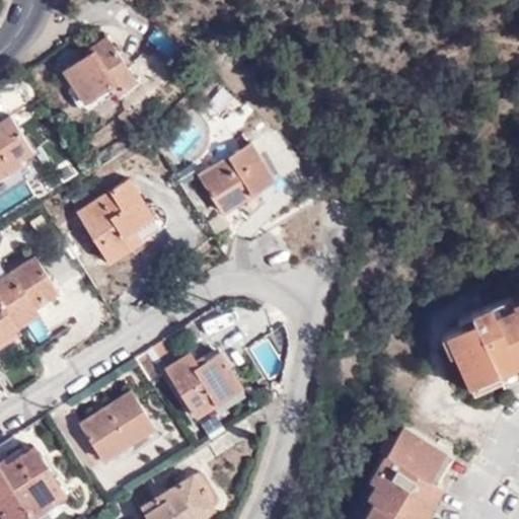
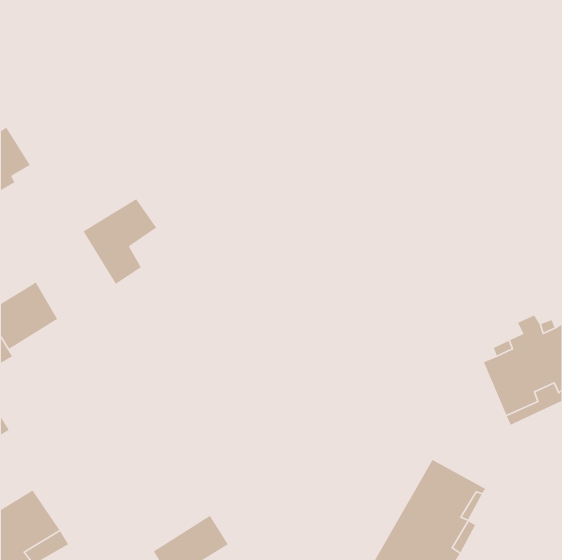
building: [66,42,135,107] -> none
building: [198,145,271,214] -> none
building: [166,353,244,418] -> none
building: [80,390,158,462] -> none

